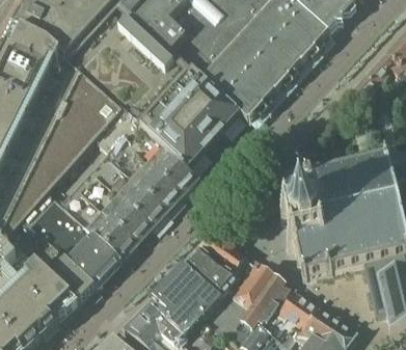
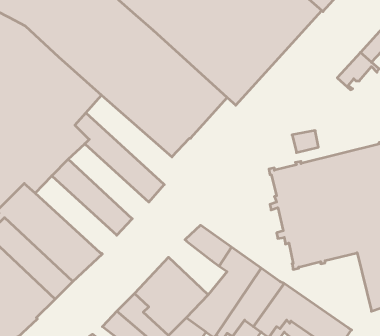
building: [107,111,197,195] -> none
building: [90,157,166,227] -> none
building: [59,187,136,260] -> none
building: [185,248,240,299] -> none

